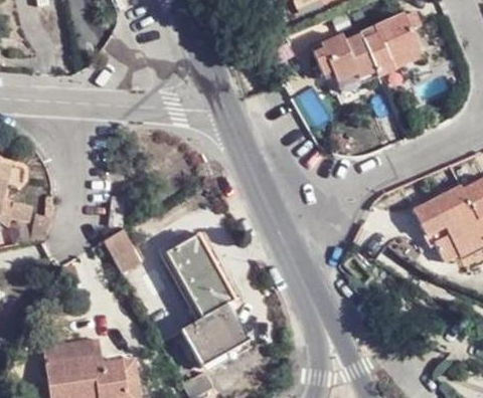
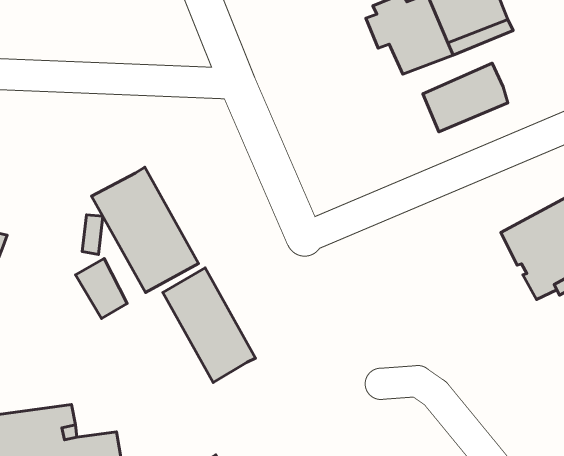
building: none -> [423,63,508,132]
building: none -> [92,167,199,292]
building: [179,306,249,370] -> none

